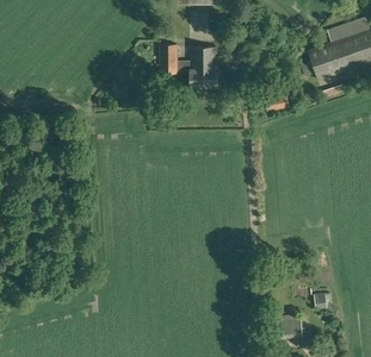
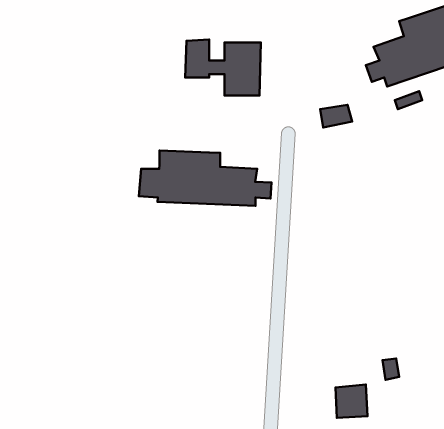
building: none -> [139,151,272,206]

